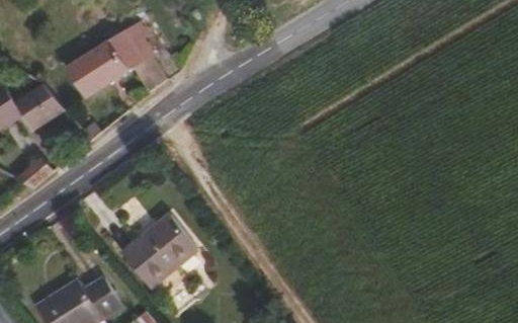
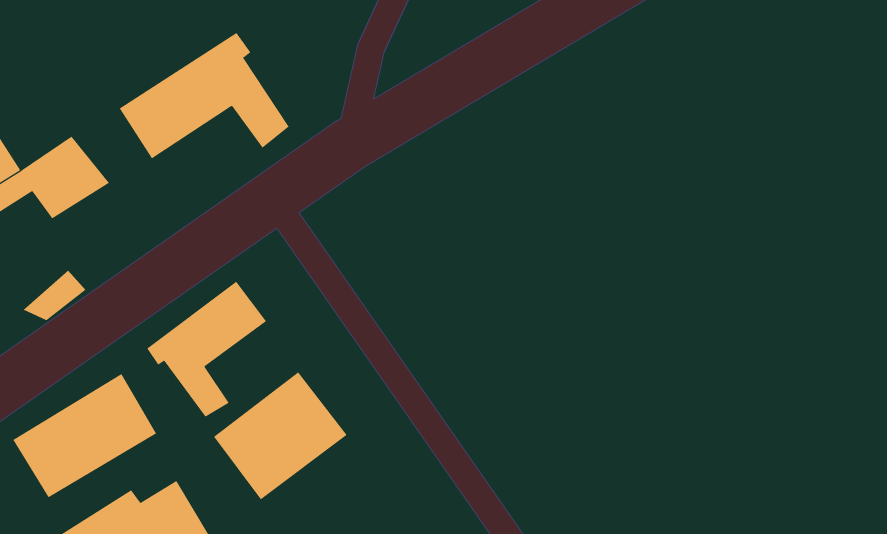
building: none -> [147,281,267,417]
building: none -> [12,373,157,498]

